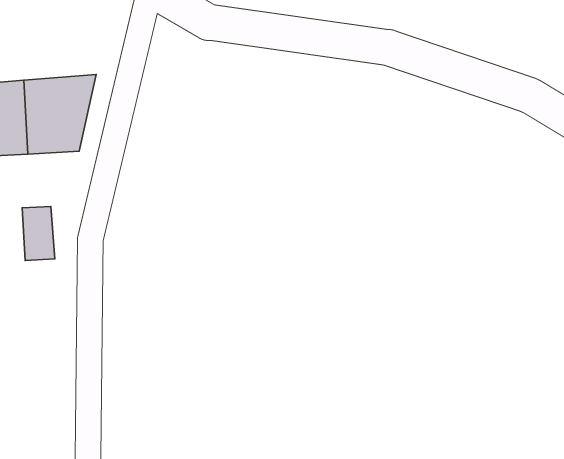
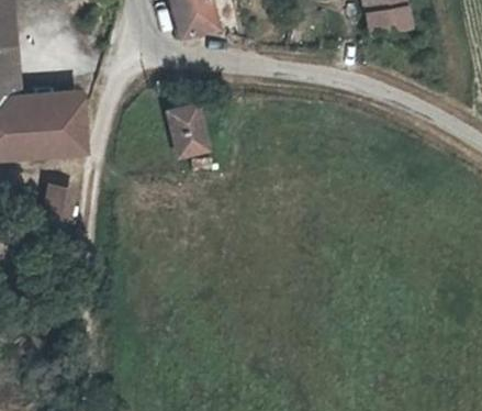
building: none -> [165,105,204,154]

